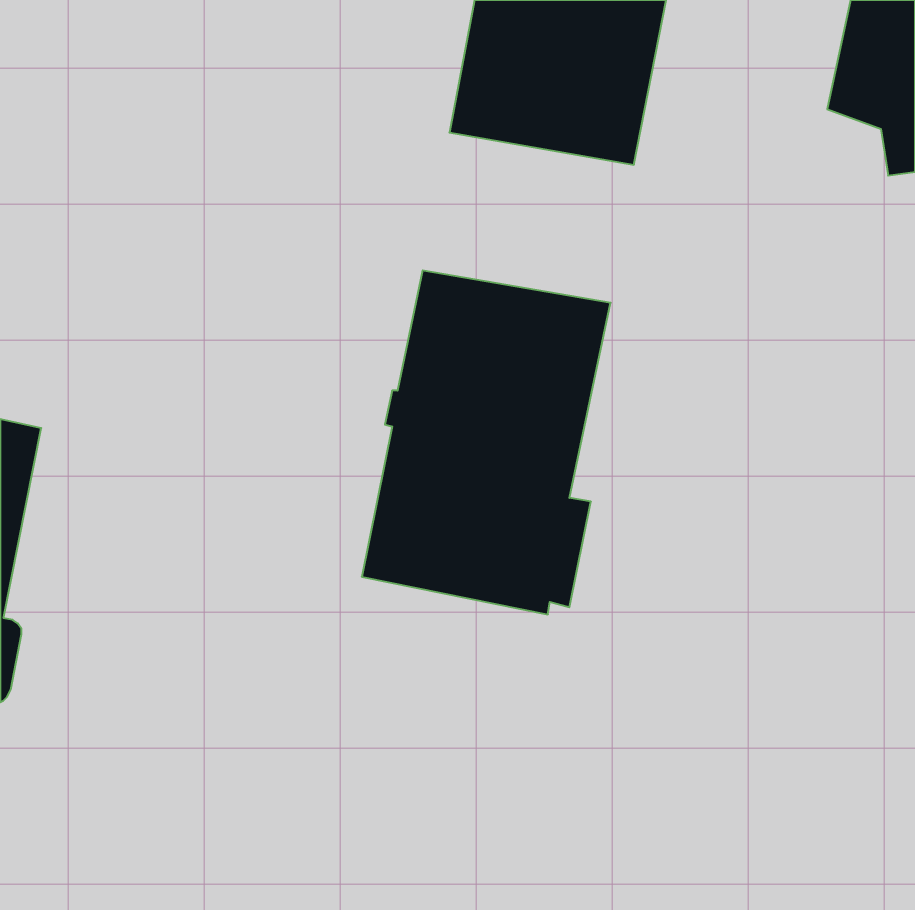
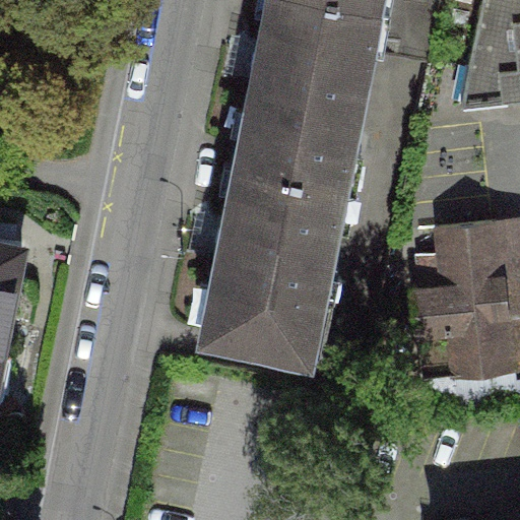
building: none -> [240,78,360,175]
building: none -> [415,221,513,377]

